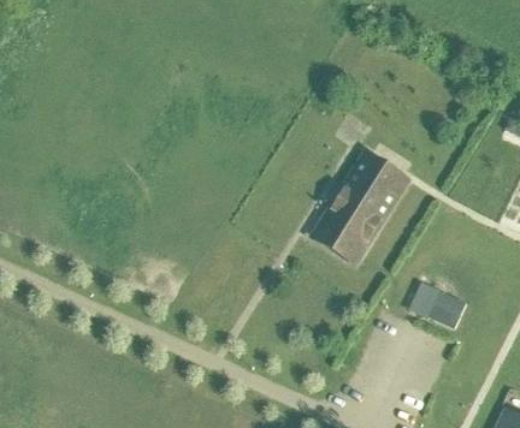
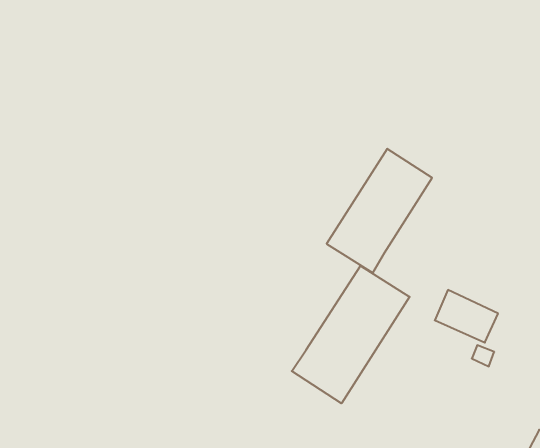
building: none -> [292,266,410,403]

